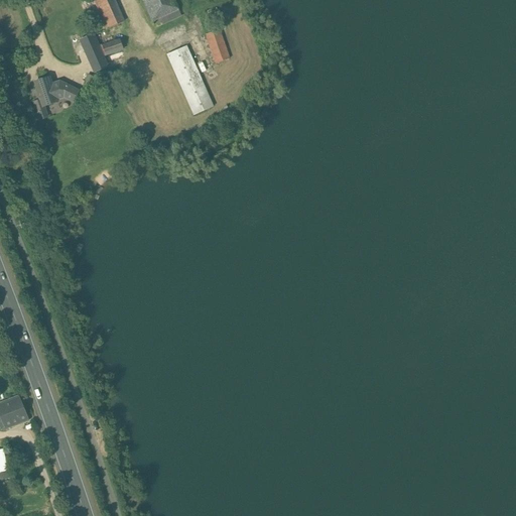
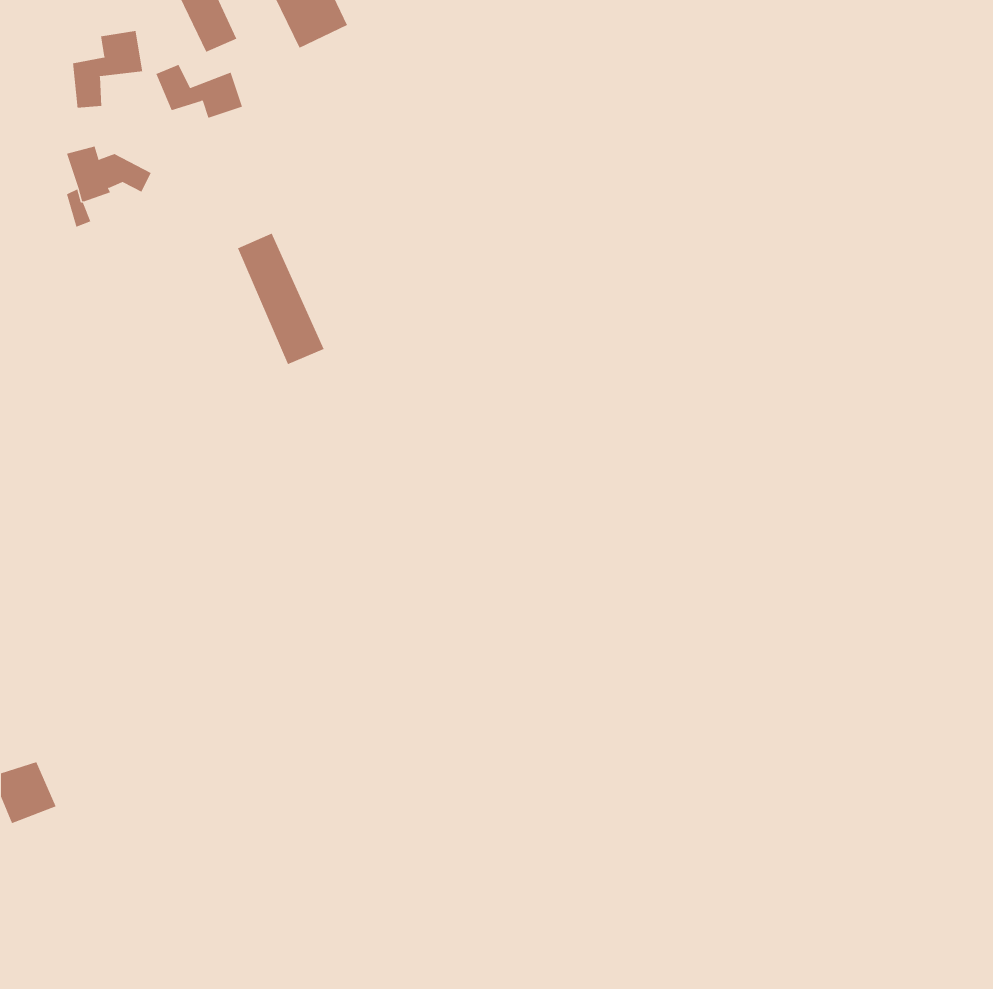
building: none -> [73,30,143,108]
building: [205,27,231,67] -> none
building: [167,44,213,113] -> [237,233,324,365]

